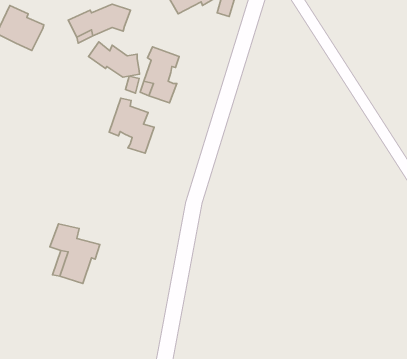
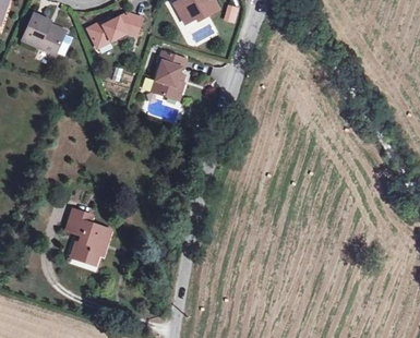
building: [88,42,139,77] -> none
building: [109,98,154,153] -> none

